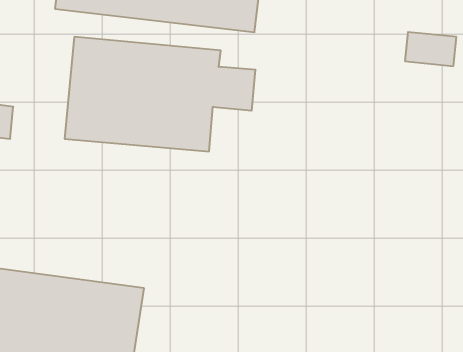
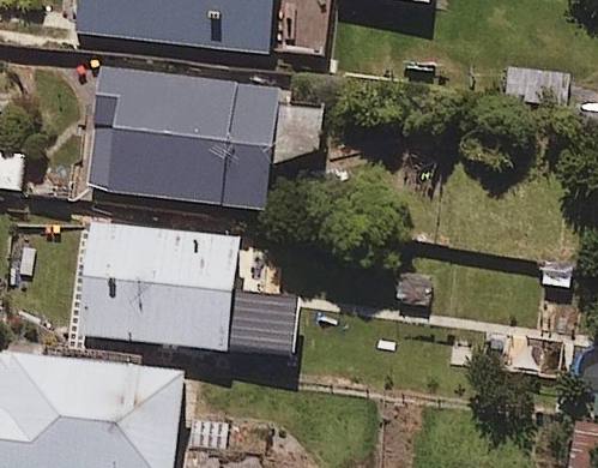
building: none -> [77,222,260,350]

